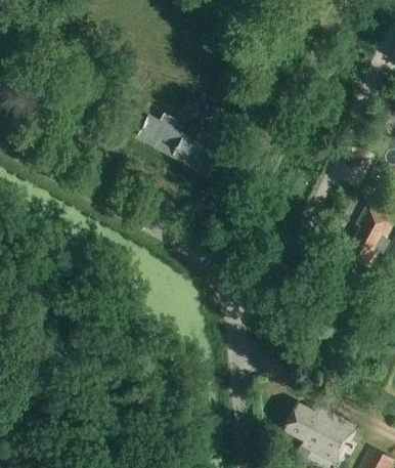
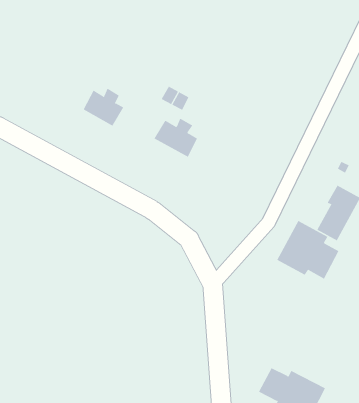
building: [135,113,180,155] -> [83,88,124,126]
building: none -> [276,220,339,279]

